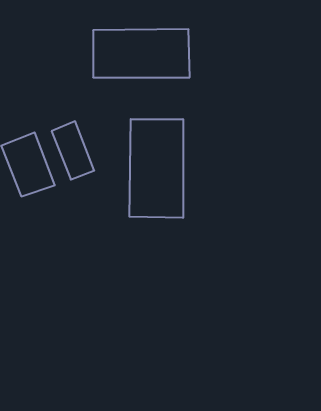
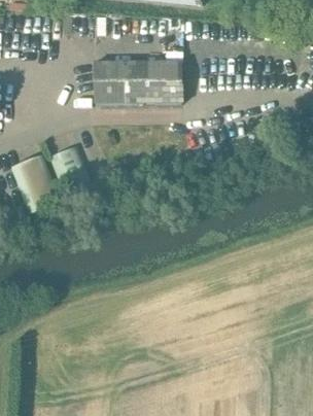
building: [129,119,183,218] -> none

